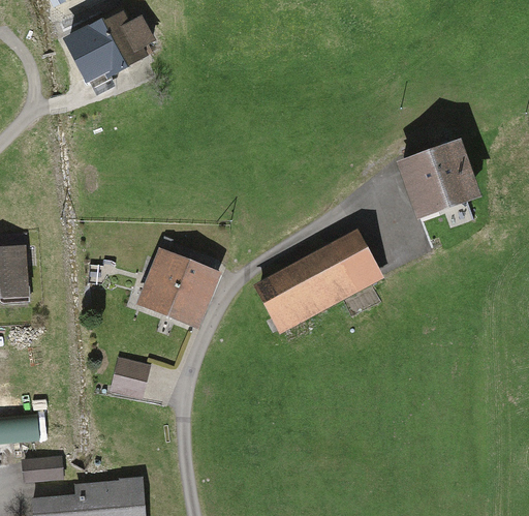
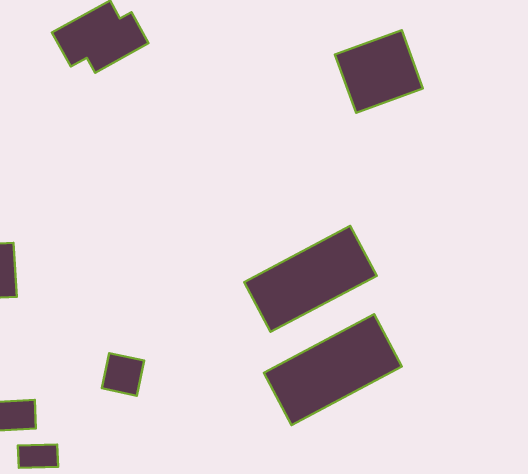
building: [394,141,479,221] -> [335,30,423,113]
building: [134,247,221,333] -> none
building: none -> [264,314,402,425]

